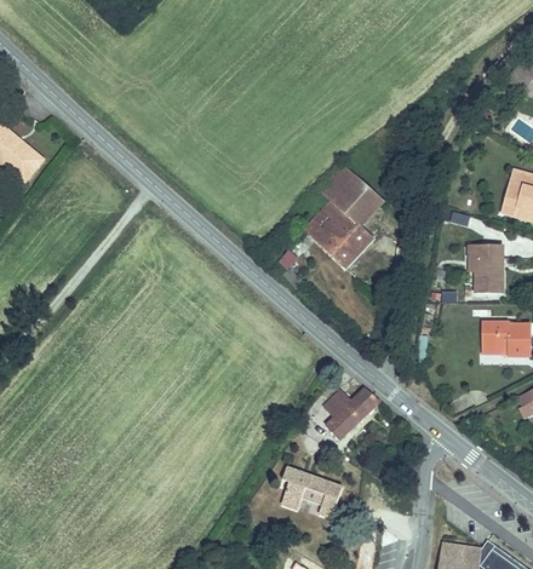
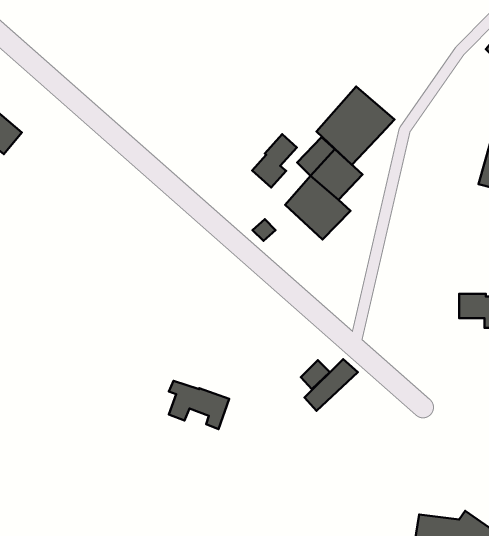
building: none -> [316,86,395,165]
building: none -> [252,134,297,187]
building: [468,246,502,292] -> none
building: [281,469,342,517] -> [169,381,229,429]

